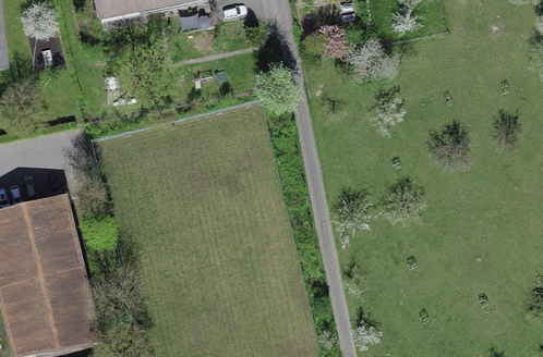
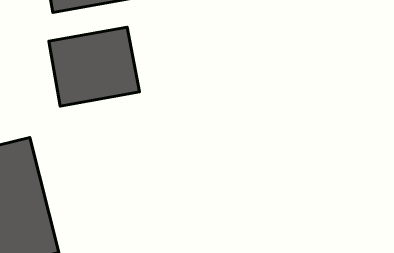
building: none -> [49,27,139,106]

